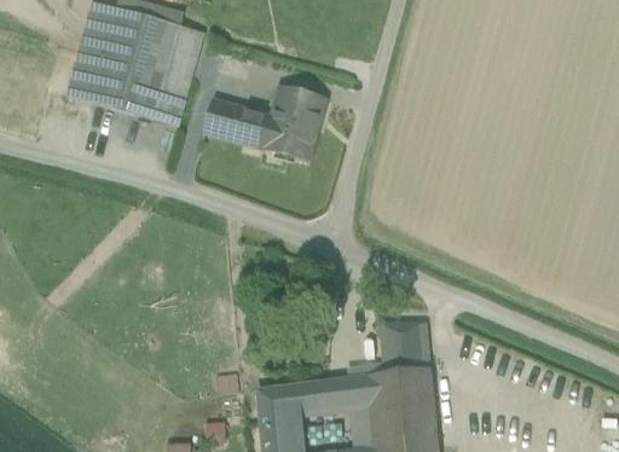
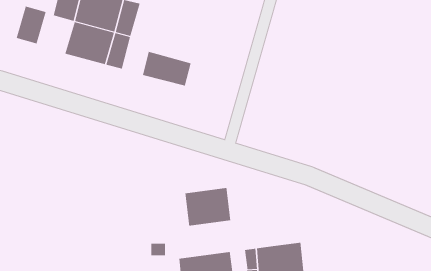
building: [65,48,109,103] -> [16,6,46,44]
building: [267,87,326,161] -> none
building: none -> [185,187,231,227]
building: [378,323,432,376] -> none

